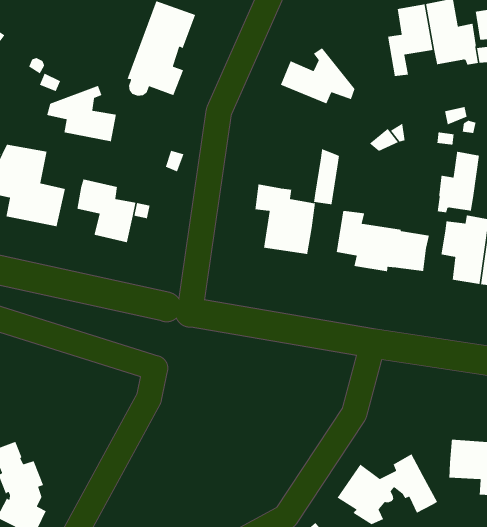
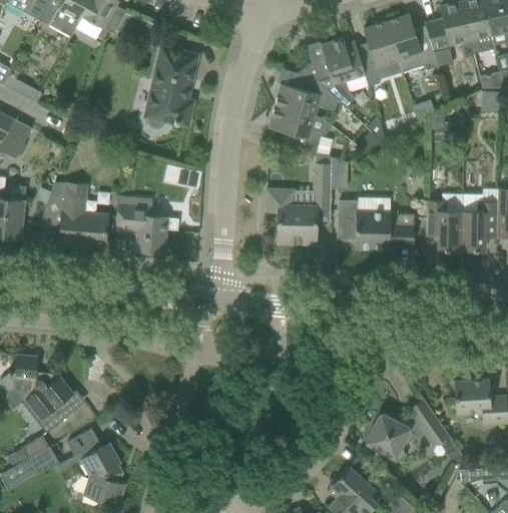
building: none -> [306,38,369,107]
building: [46,85,117,142] -> none
building: none -> [269,105,333,153]
building: [437,151,480,213] -> none

